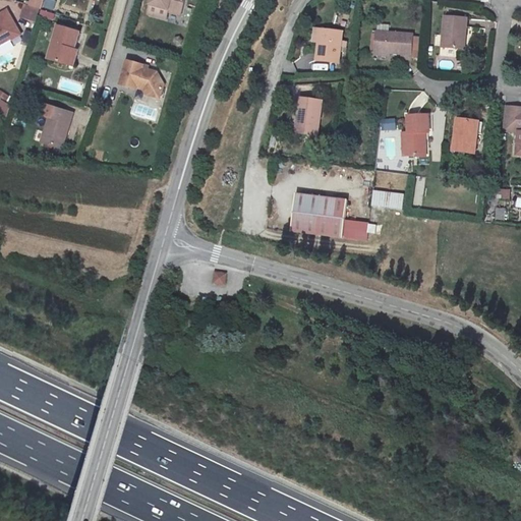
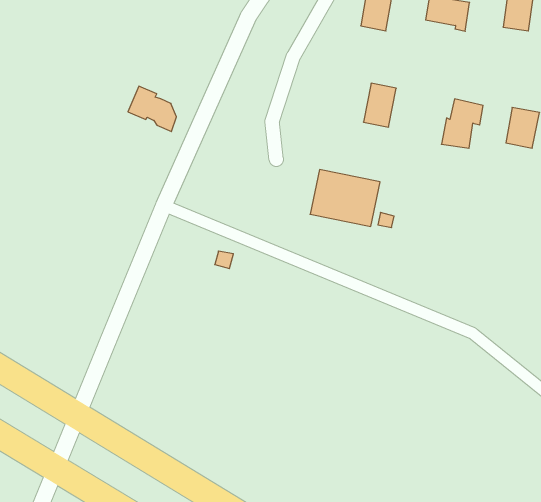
building: [123,63,166,100] -> [128,86,176,132]
building: [297,100,323,136] -> [363,83,396,127]
building: [44,104,72,143] -> none
building: [369,187,402,207] -> none

